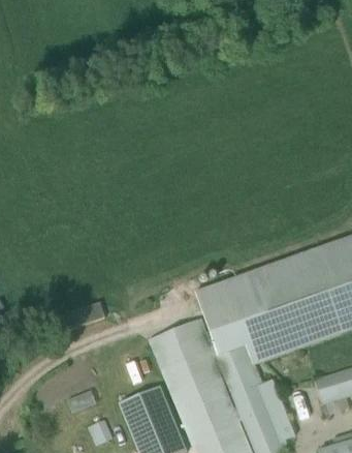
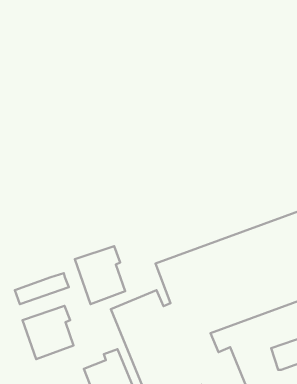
building: none -> [75,246,125,304]
building: none -> [23,306,73,359]

